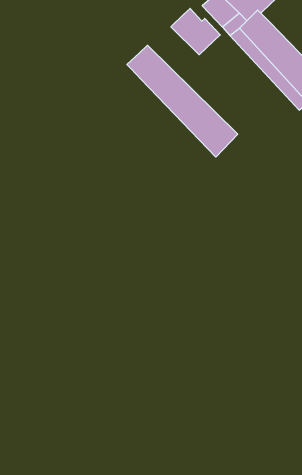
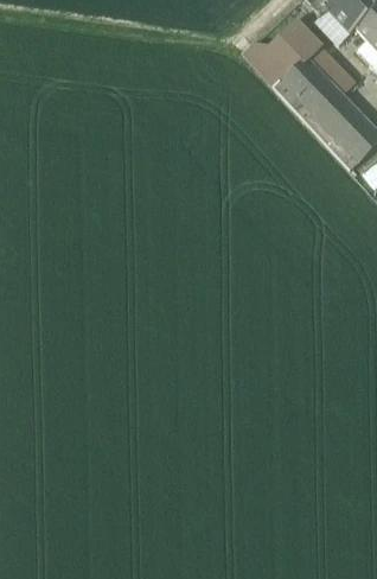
building: [171,8,220,55] -> none
building: [127,45,238,157] -> none

